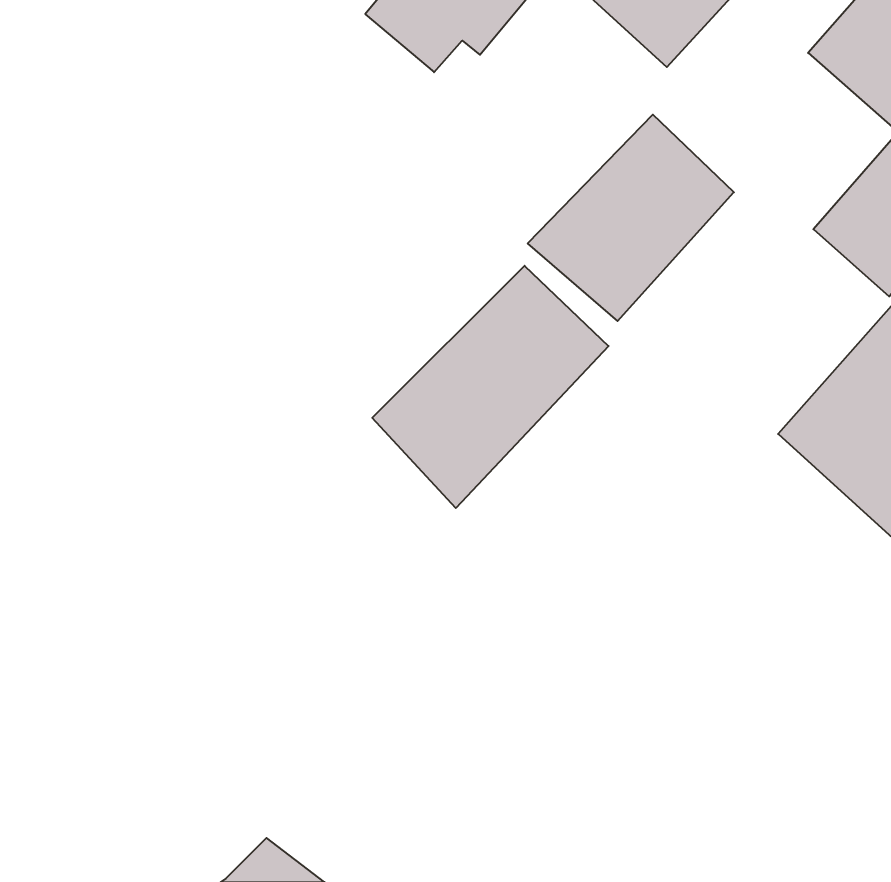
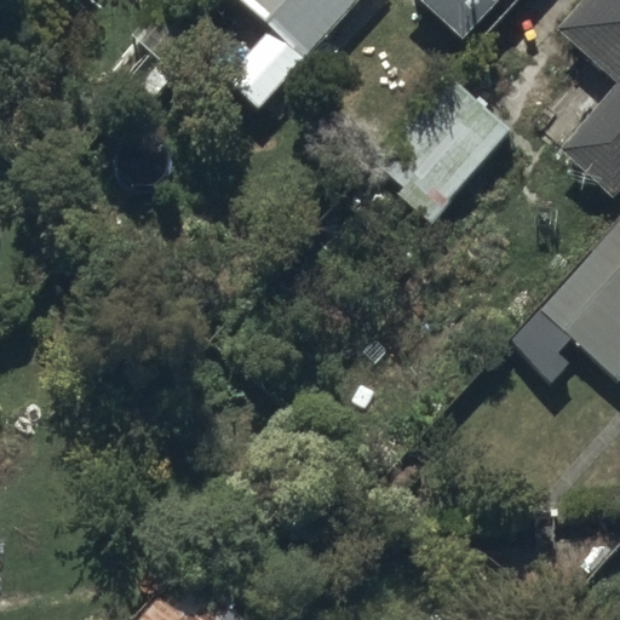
building: [372,266,609,508] -> none

